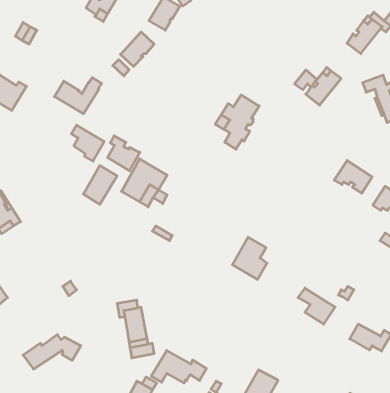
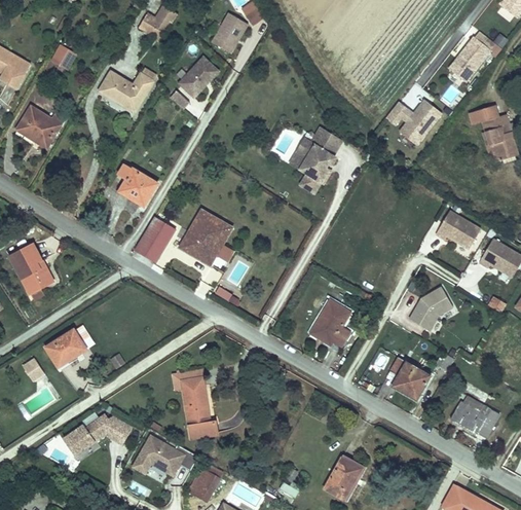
building: [54,78,102,114] -> [100,65,156,108]
building: [108,136,140,171] -> none
building: none -> [409,285,452,329]
building: none -> [44,334,85,374]
building: [151,350,206,383] -> [127,435,193,474]

